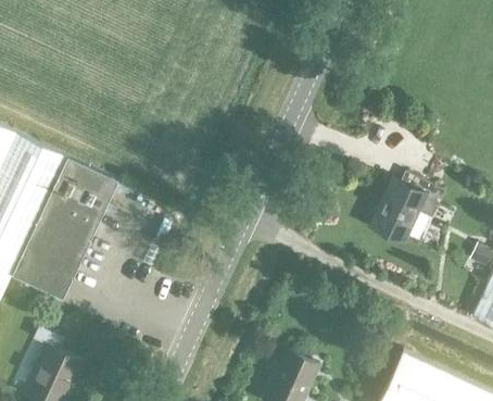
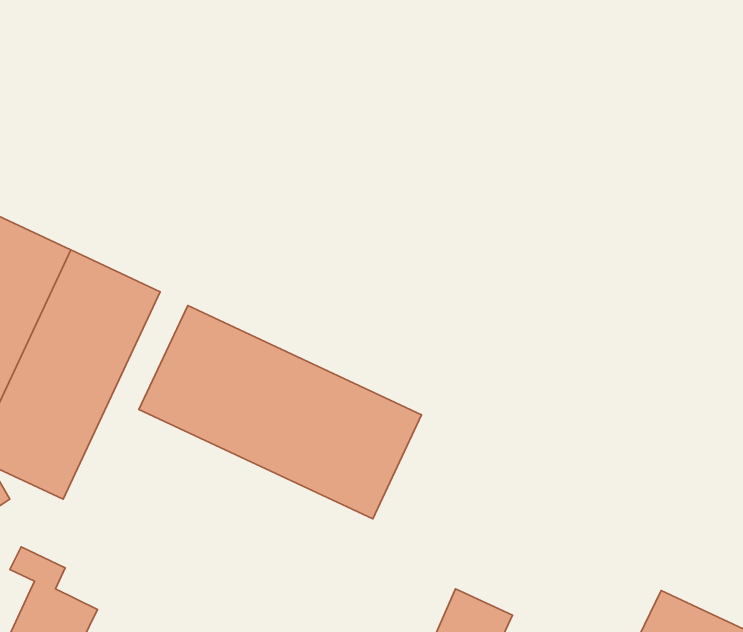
building: [368,173,444,241] -> none
building: none -> [139,305,422,519]

